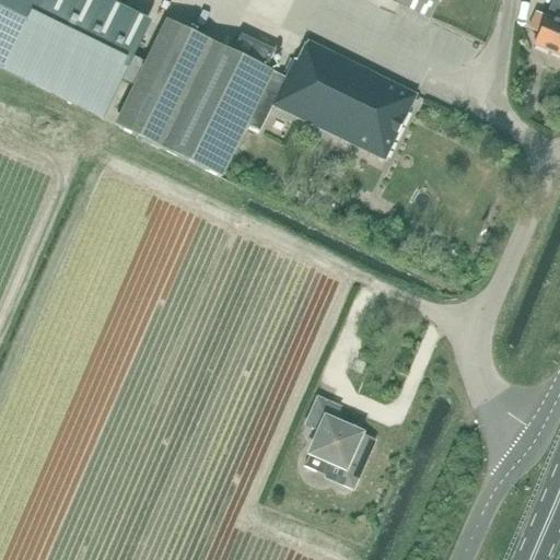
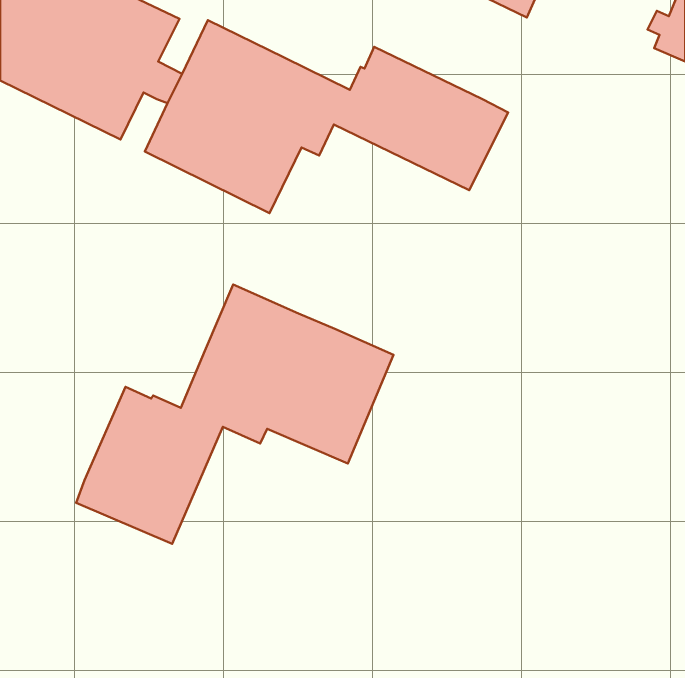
building: none -> [76,285,393,544]
building: [307,397,372,482] -> none

